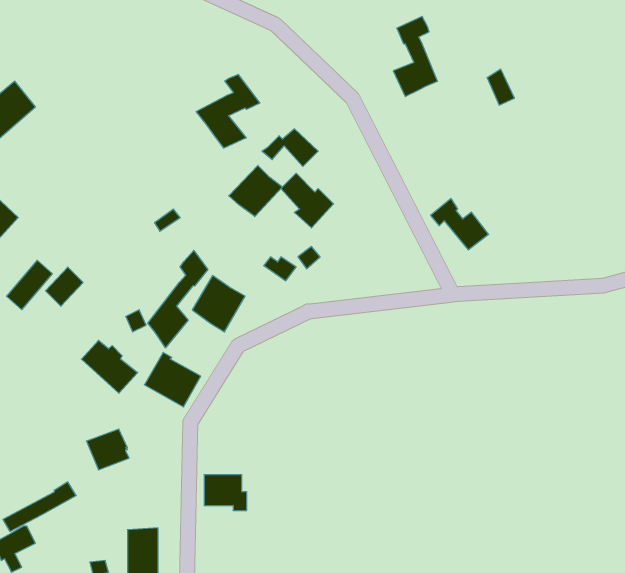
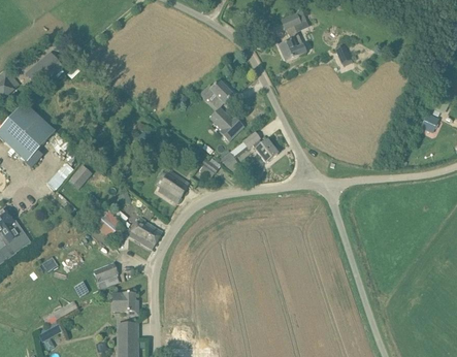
building: [196,74,260,148] -> none
building: [229,165,282,217] -> none
building: [431,199,489,250] -> [243,131,279,162]
building: [148,250,208,348] -> none
building: [204,475,247,510] -> [112,292,138,314]

